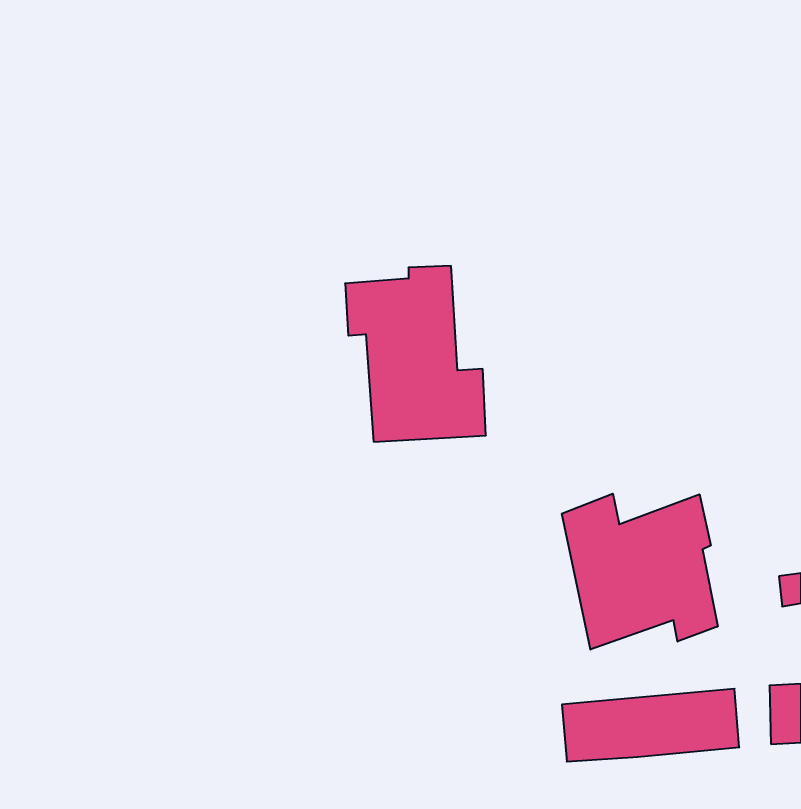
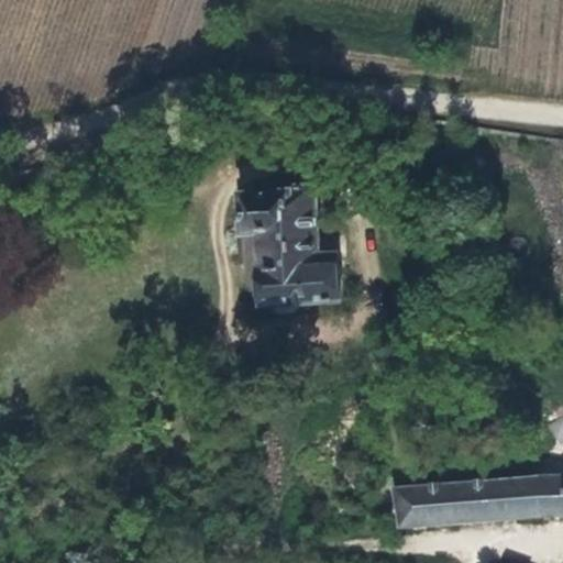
building: [562,494,718,650] -> none
building: none -> [510,476,536,519]

